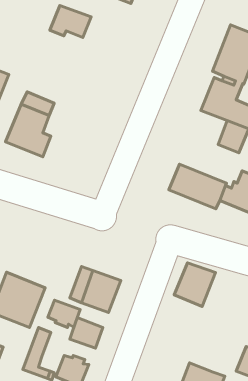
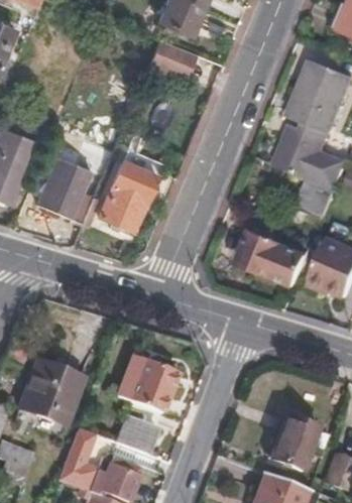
building: [50,5,91,38] -> [147,38,198,78]
building: none -> [100,147,162,230]
building: [174,263,216,306] -> [266,416,317,470]
building: [48,300,80,327] -> none

